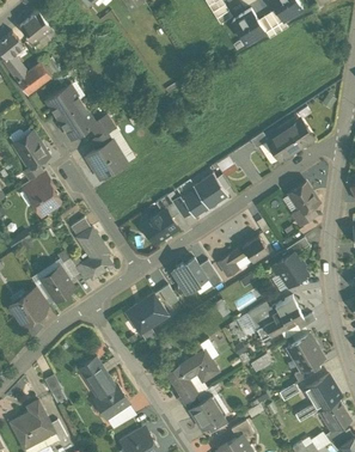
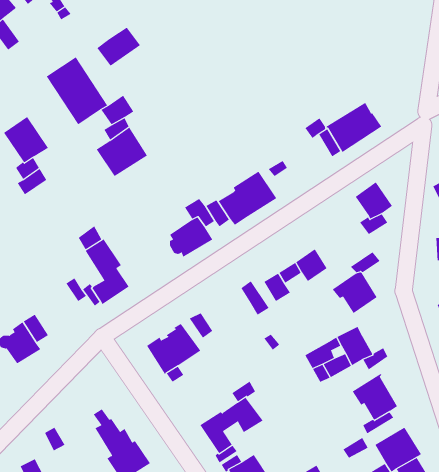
building: [16,62,50,93] -> [97,27,141,66]
building: [20,181,57,213] -> none
building: [175,257,206,291] -> none
building: [39,264,73,299] -> none

